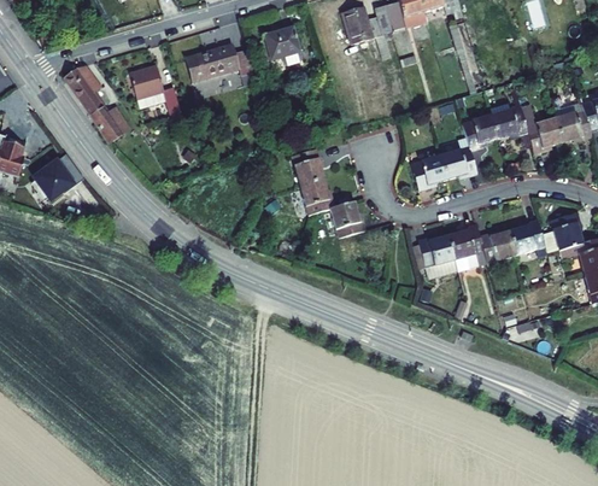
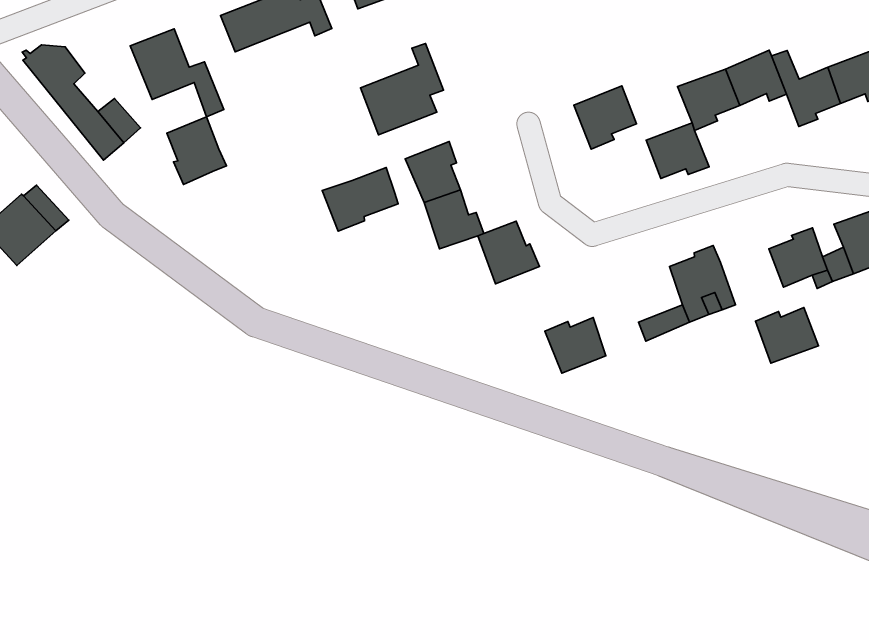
building: none -> [360,43,443,135]
building: none -> [167,117,226,185]
building: [410,156,447,193] -> [574,86,636,149]
building: none -> [322,167,398,231]
building: [480,228,517,260] -> [756,308,819,363]
building: [418,234,455,267] -> [545,318,606,373]

